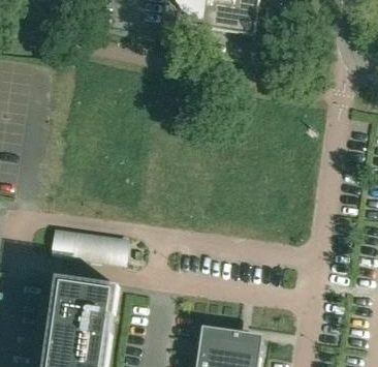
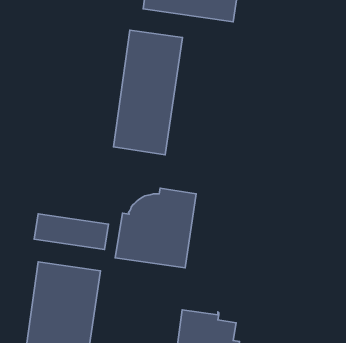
building: none -> [114,30,183,155]
building: none -> [115,188,196,268]

